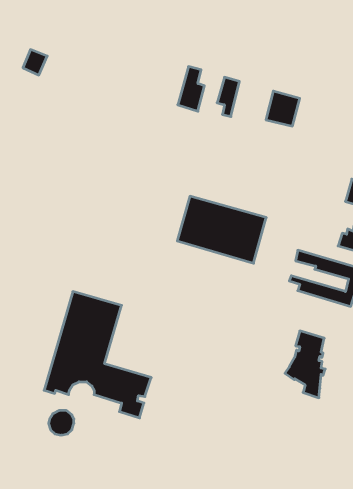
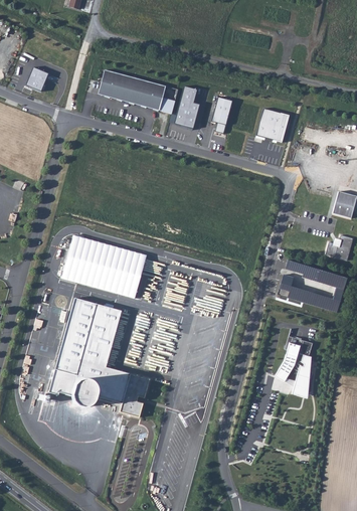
building: none -> [98,69,176,113]
building: [177,196,266,263] -> [61,235,146,299]
building: [49,411,74,435] -> [70,383,95,406]

